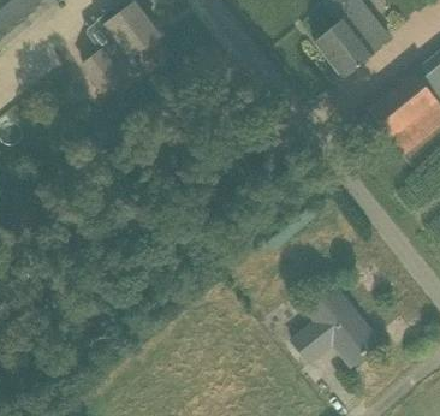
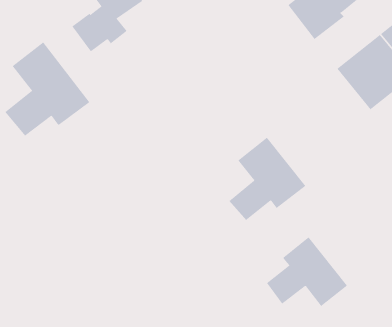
building: none -> [5,42,90,137]
building: none -> [229,137,306,221]

